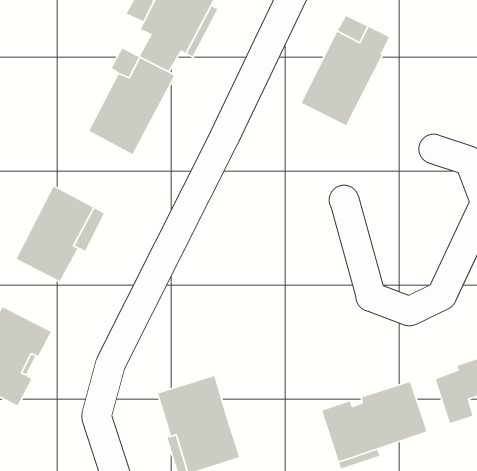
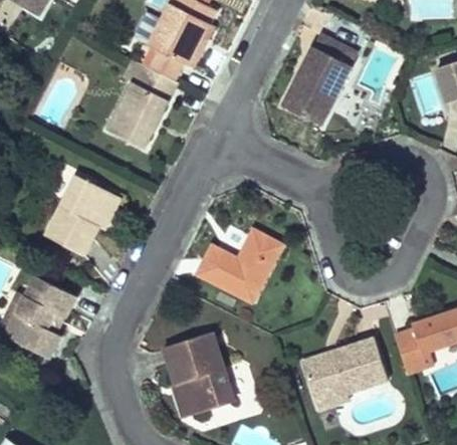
building: none -> [196,228,282,302]

